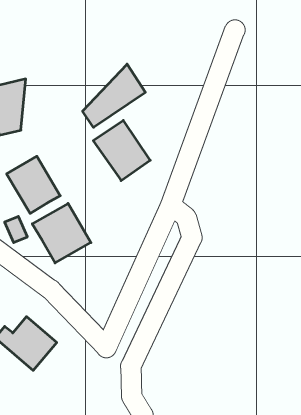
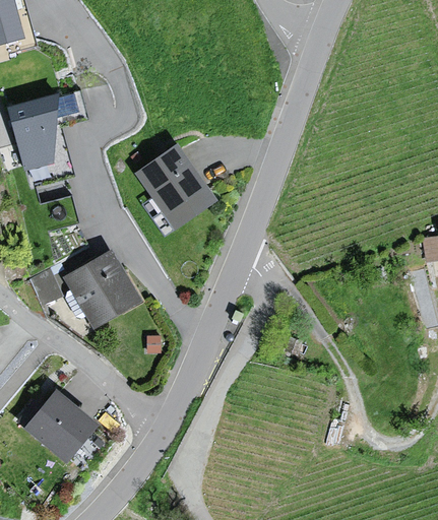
building: [83,64,145,127] -> none
building: [7,156,60,213] -> none

